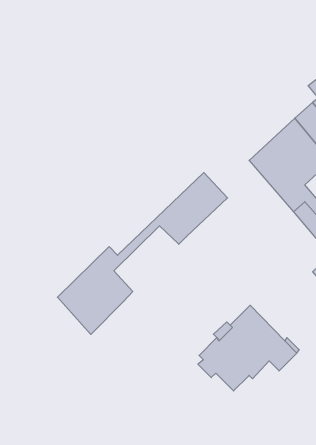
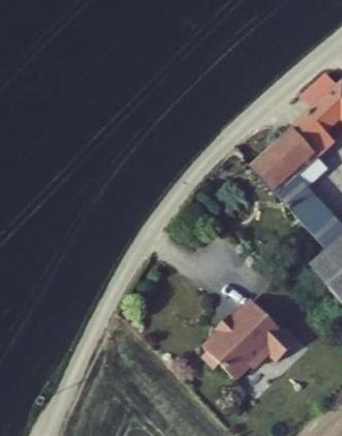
building: [57,173,228,334] -> none

